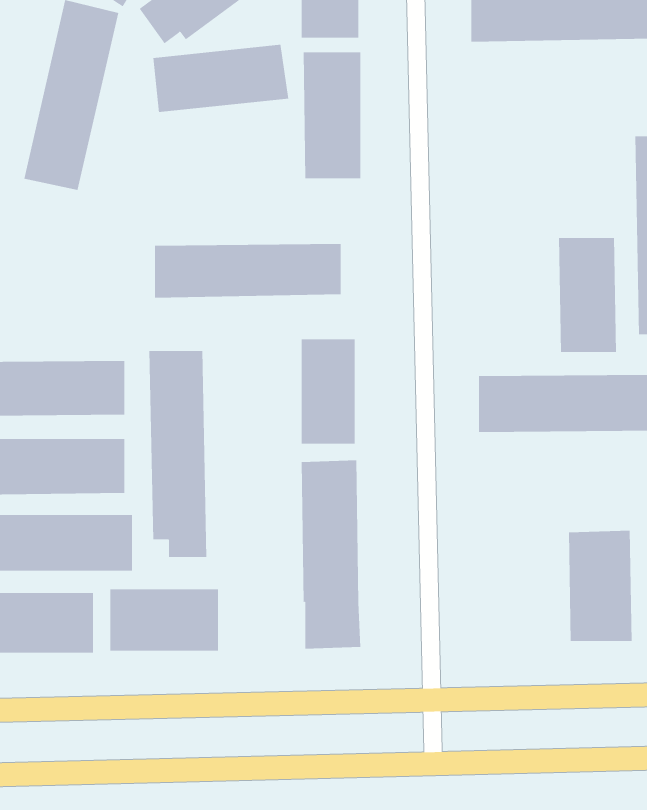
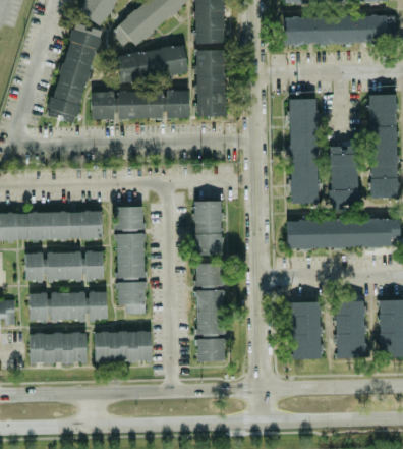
building: none -> [289,99,320,203]
building: [154,244,342,298] -> [92,91,189,119]
building: none -> [290,301,322,358]

